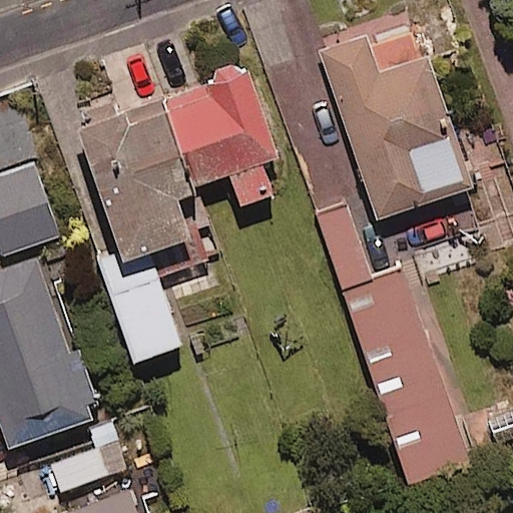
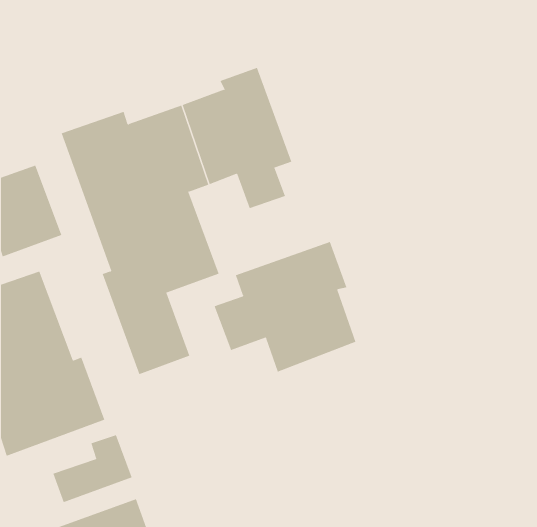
building: [321,32,473,217] -> none
building: [317,205,468,466] -> none
building: none -> [214,241,356,372]

